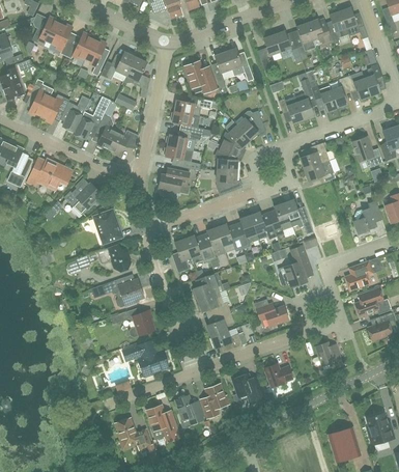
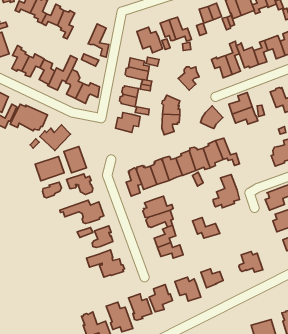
building: [101,51,135,79] -> none
building: [222,124,250,152] -> [200,106,223,128]
building: none -> [35,157,64,181]

